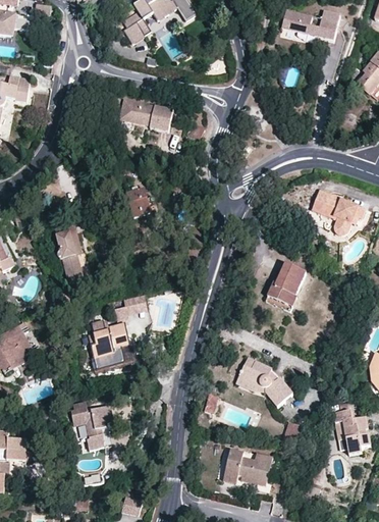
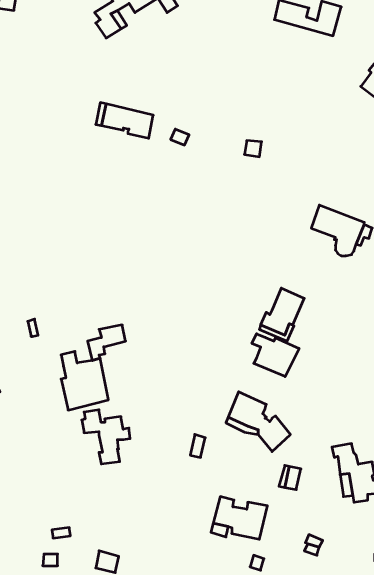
building: [127,189,151,216] -> none
building: [54,221,83,281] -> none
building: none -> [252,334,299,377]
building: [69,400,112,448] -> [82,410,130,464]

